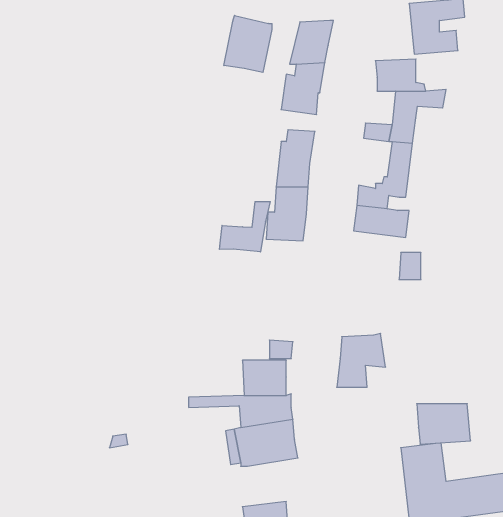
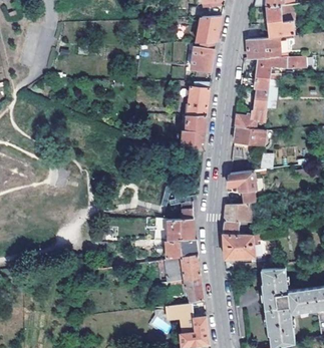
building: [224,15,272,72] -> none
building: [219,202,270,252] -> none
building: none -> [228,170,257,204]
building: [417,404,471,444] -> [223,235,255,259]
building: none -> [170,277,204,301]

